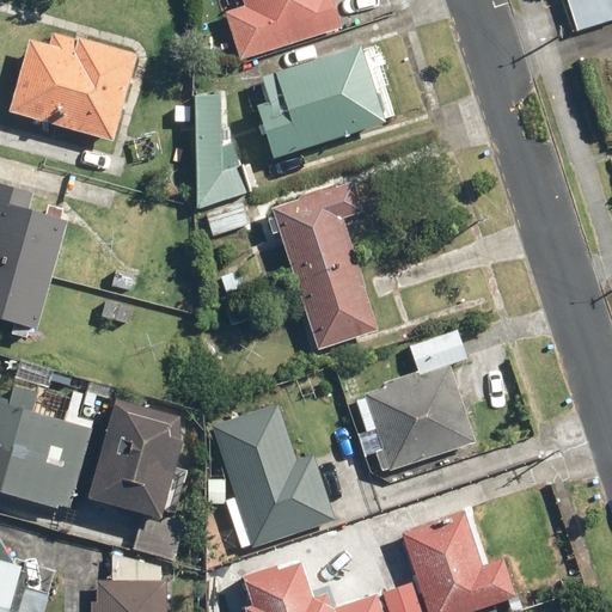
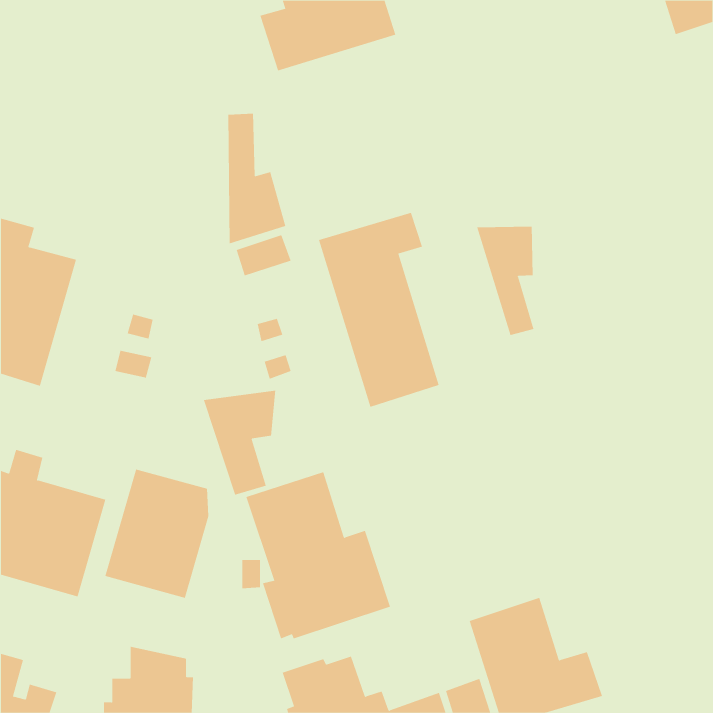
building: [7,33,136,142] -> none
building: [256,48,384,159] -> none
building: none -> [476,226,534,336]
building: [355,330,476,473] -> none
building: none -> [203,390,276,496]

